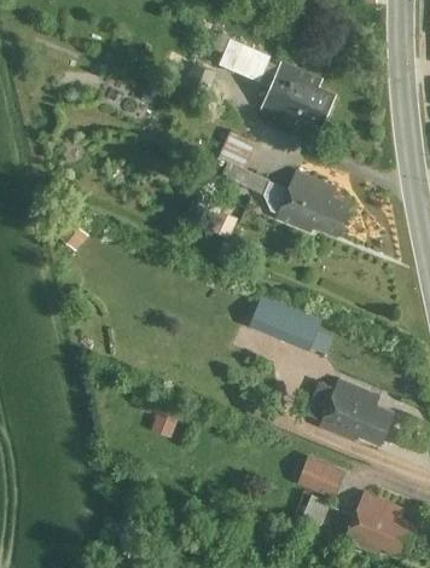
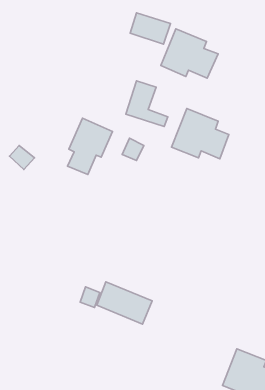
building: none -> [68,118,112,174]
building: [249,294,324,350] -> [97,282,152,324]
building: [318,379,395,444] -> none
building: [295,454,345,498] -> none

